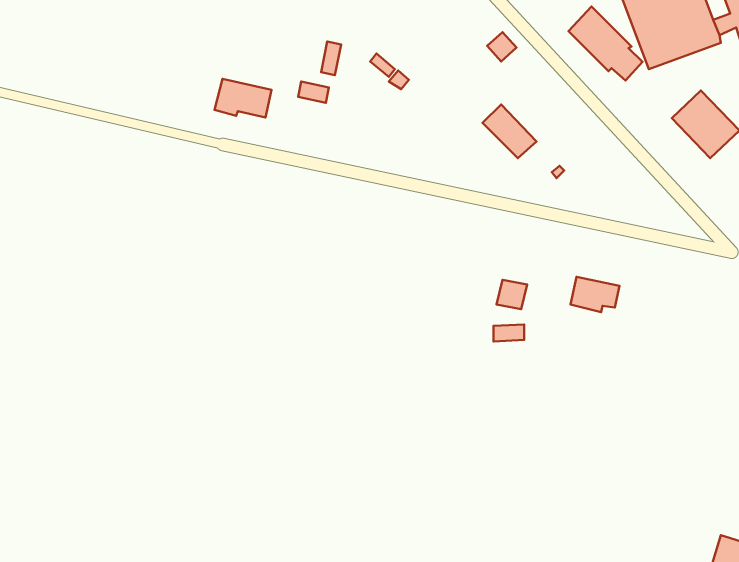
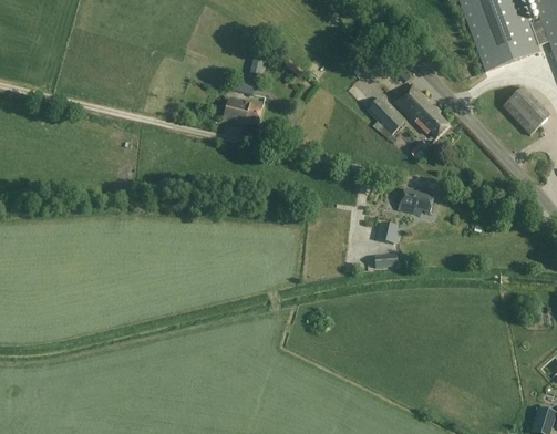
building: [569,7,642,80] -> [395,83,448,136]
building: [215,79,272,117] -> [223,97,264,125]
building: [570,277,620,312] -> [399,188,434,214]

